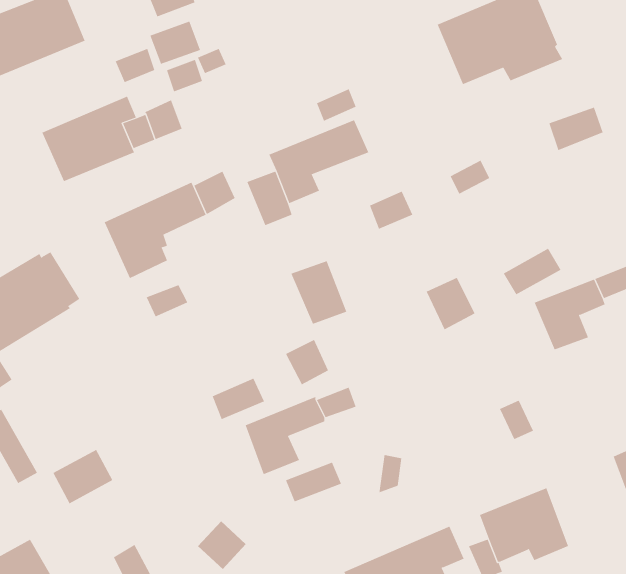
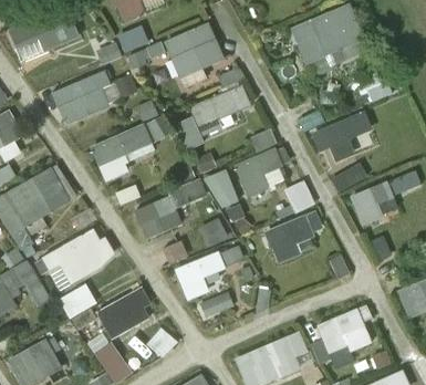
building: none -> [165,22,224,76]
building: none -> [311,111,372,162]
building: none -> [233,147,283,197]
building: none -> [135,178,207,238]
building: none -> [264,211,322,262]
building: none -> [33,229,113,283]
building: none -> [96,287,149,337]

